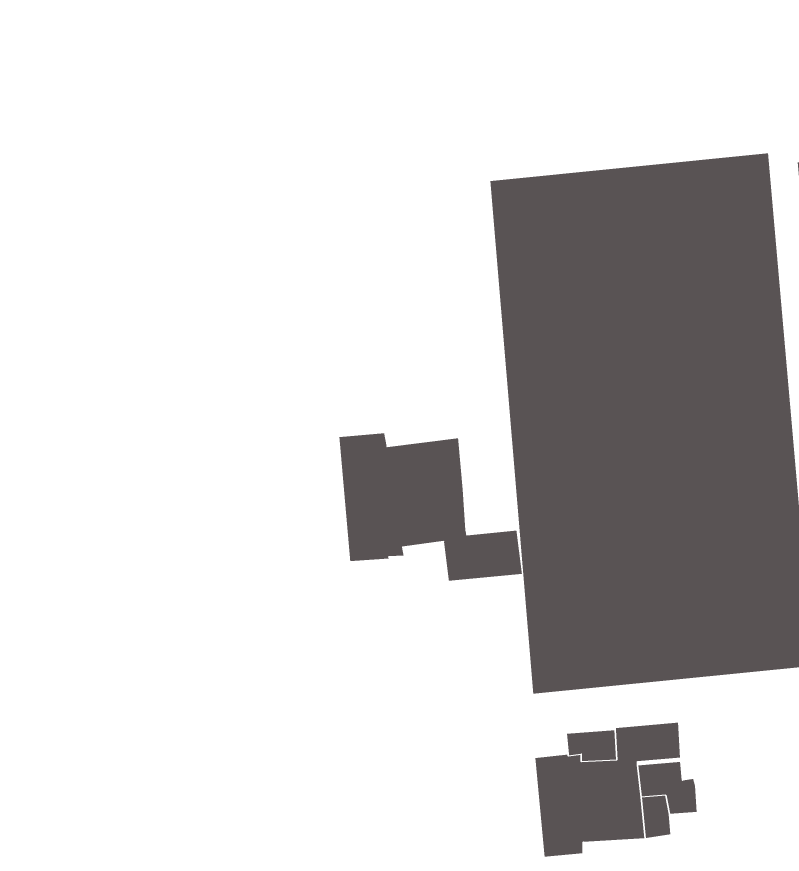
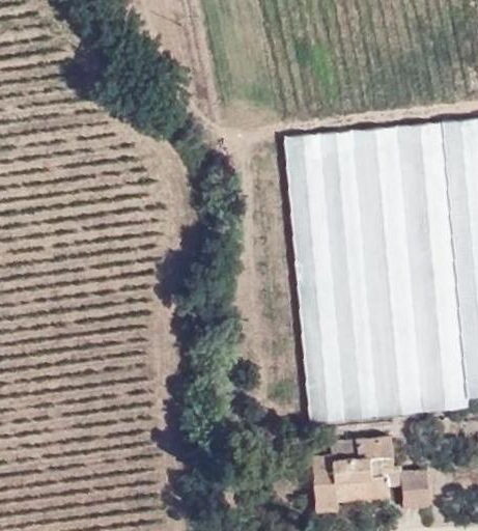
building: [339,433,523,582] -> none
building: none -> [400,471,428,511]

